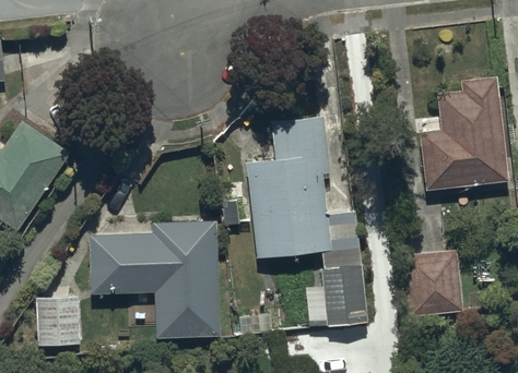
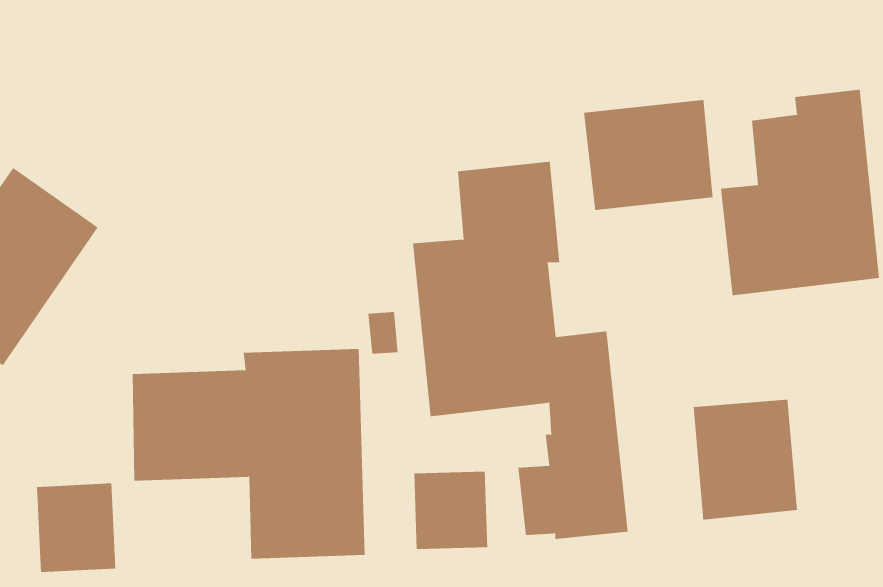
building: none -> [584,99,713,211]
building: none -> [414,471,488,550]

